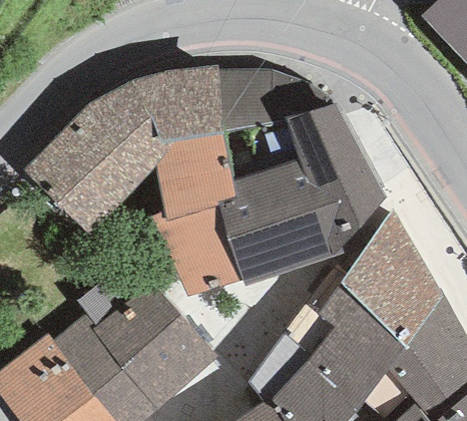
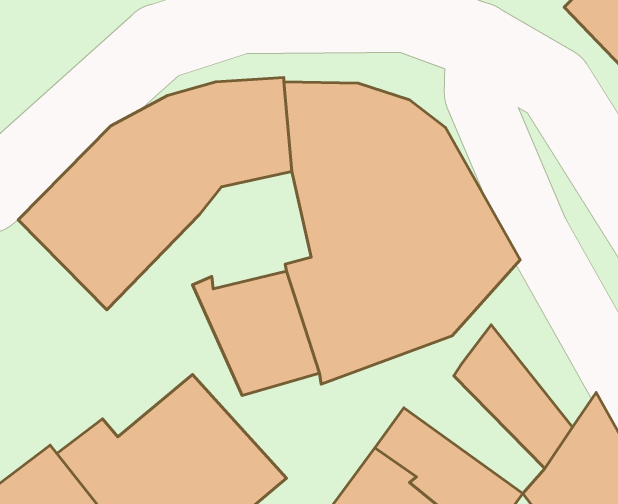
building: [155,135,237,221] -> none
building: [367,210,443,321] -> none
building: [304,267,406,369] -> none

